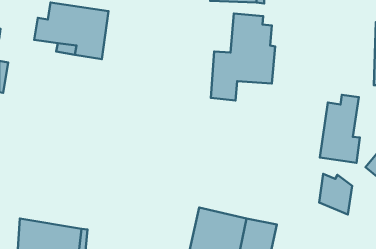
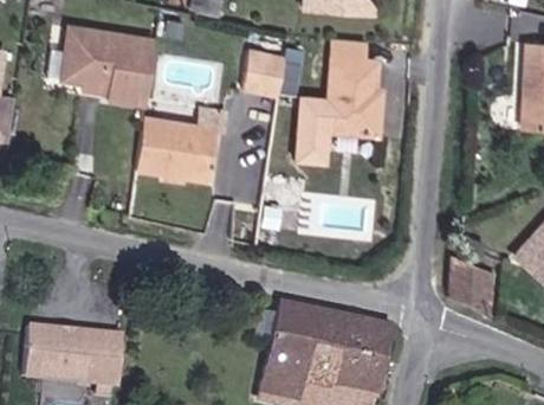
building: none -> [239,46,281,90]
building: none -> [142,114,221,179]
building: [320,95,360,163] -> none

